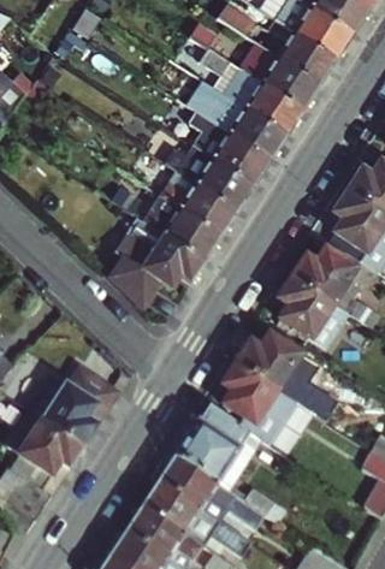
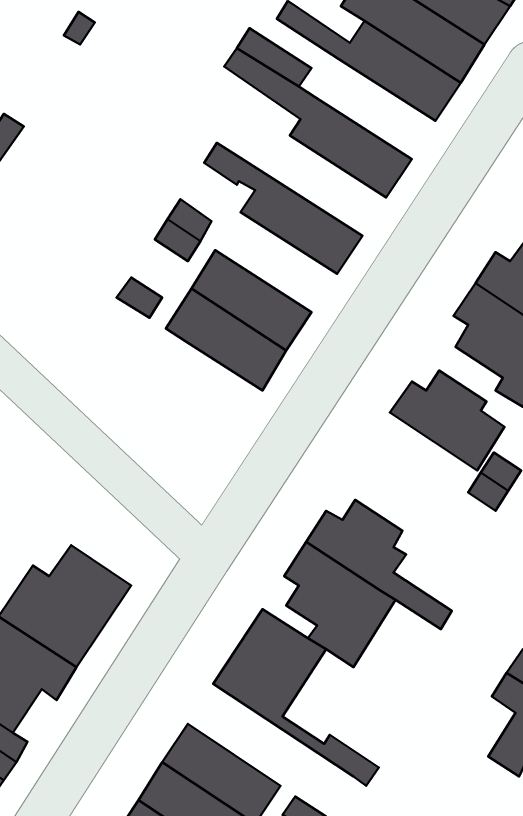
building: [241,41,320,107] -> none
building: [189,79,288,158] -> none
building: [174,142,255,208] -> none
building: [109,227,206,310] -> none
building: [276,274,348,346] -> none
building: [156,454,266,528] -> none

